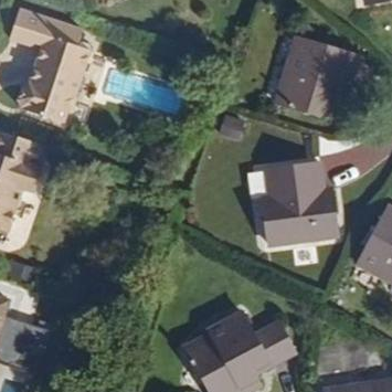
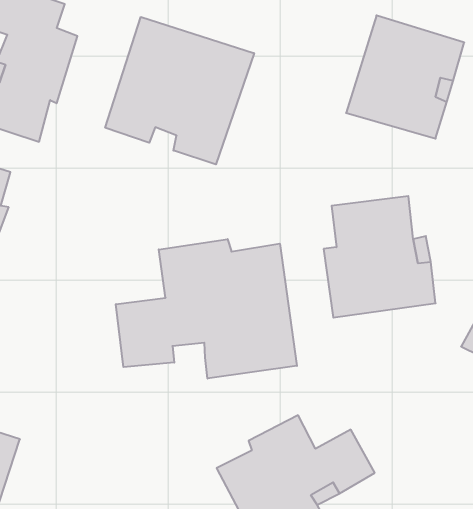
building: none -> [105,17,254,164]
building: none -> [116,239,297,379]

